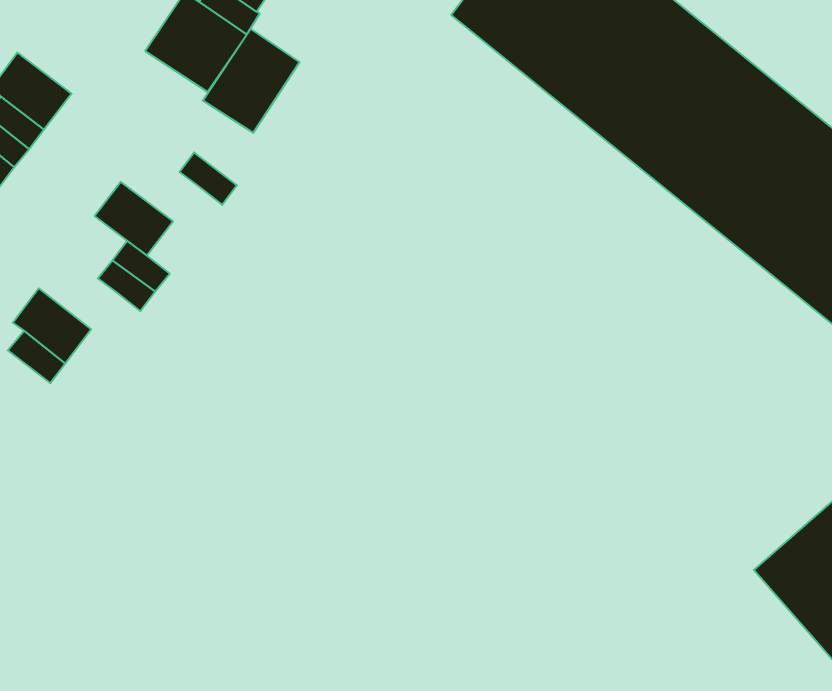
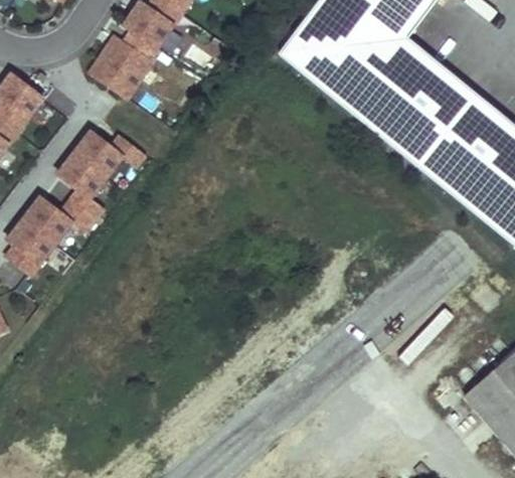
building: [203,29,299,133] -> none
building: none -> [74,132,123,177]
building: none -> [24,197,72,244]

